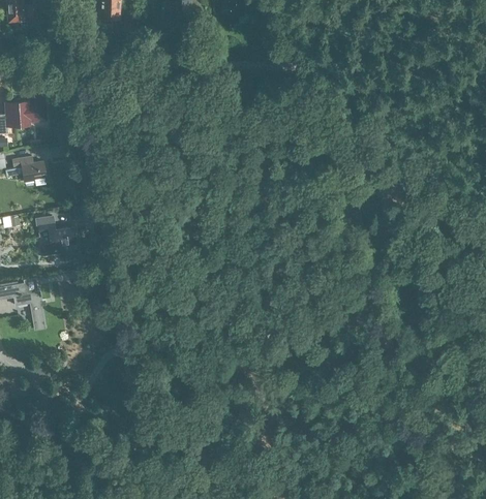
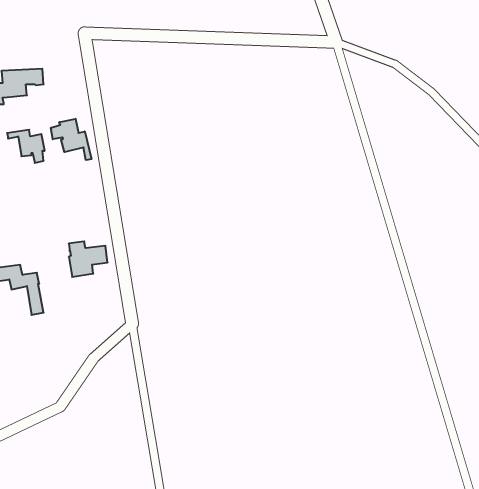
building: none -> [51,119,91,160]
building: [38,223,74,256] -> [69,241,108,277]

